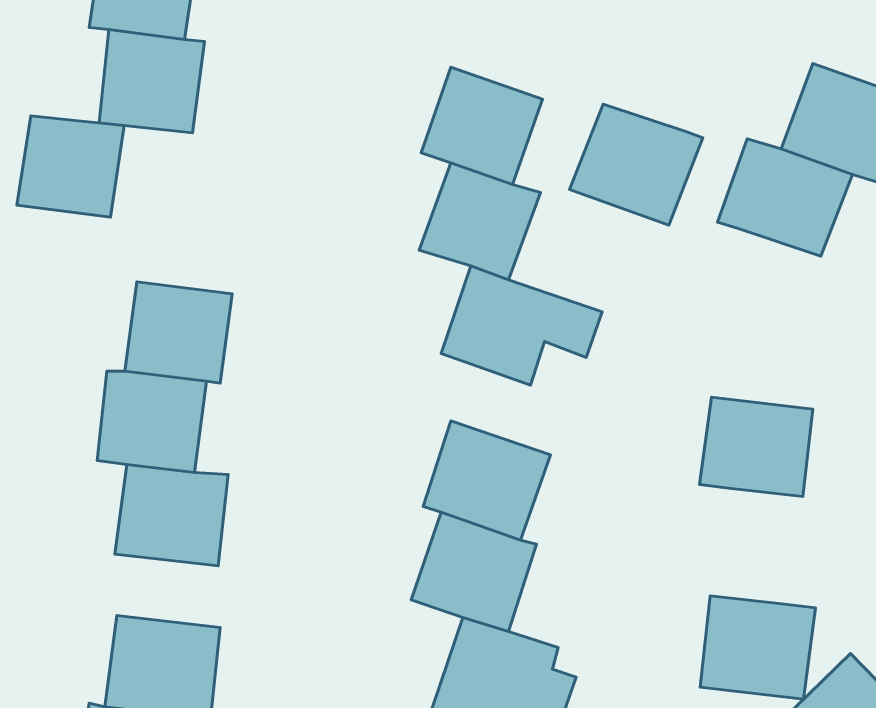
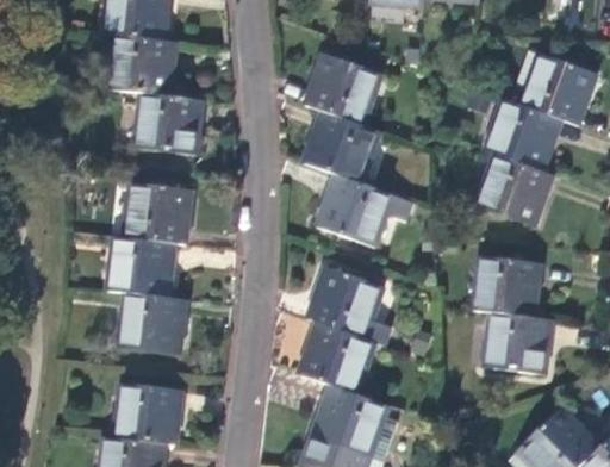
building: [569,104,703,225] -> [473,151,553,224]
building: [17,116,124,217] -> [136,92,200,152]
building: [700,596,815,699] -> [484,307,553,369]

